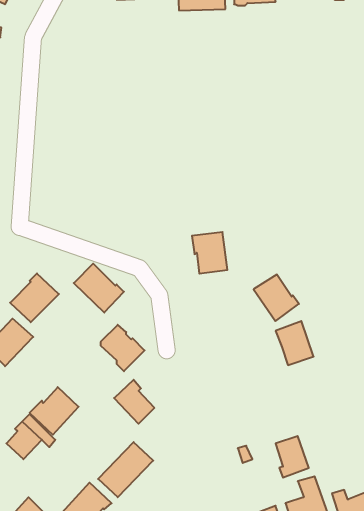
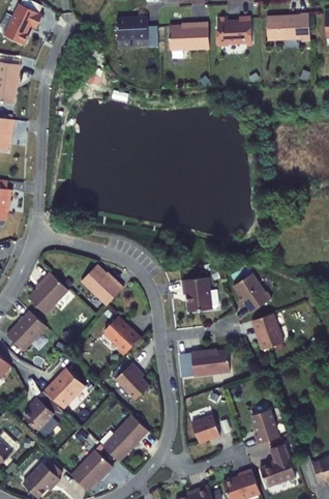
building: [192,232,227,274] -> [182,276,212,312]
building: none -> [191,350,230,376]
building: none -> [191,413,219,442]

